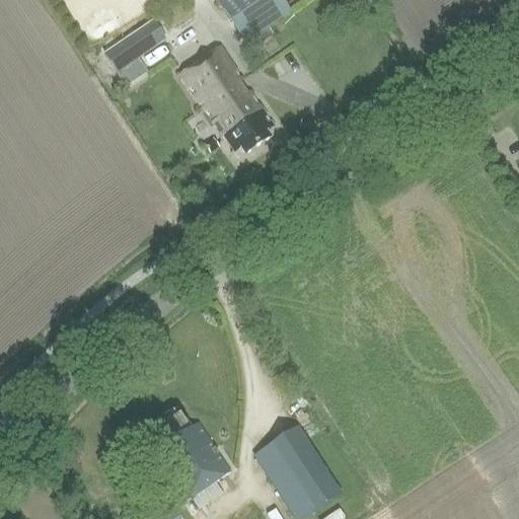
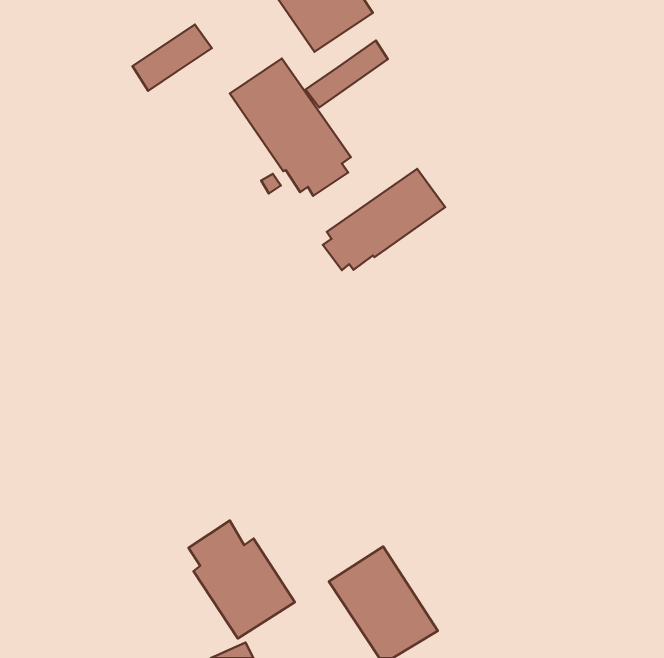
building: none -> [305,40,388,107]
building: none -> [323,169,445,270]

